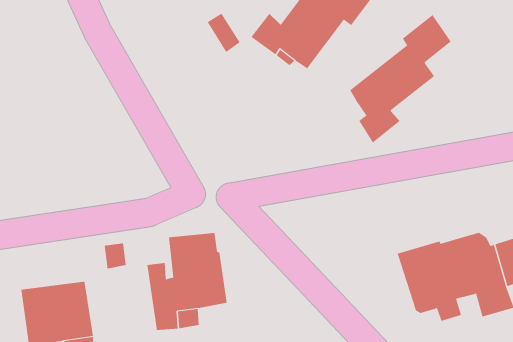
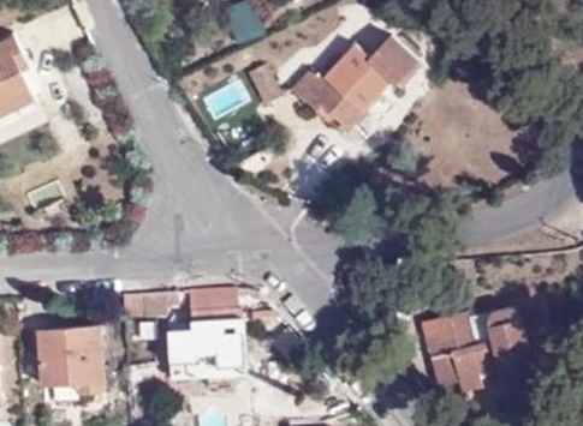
building: [349,14,452,144] -> none

